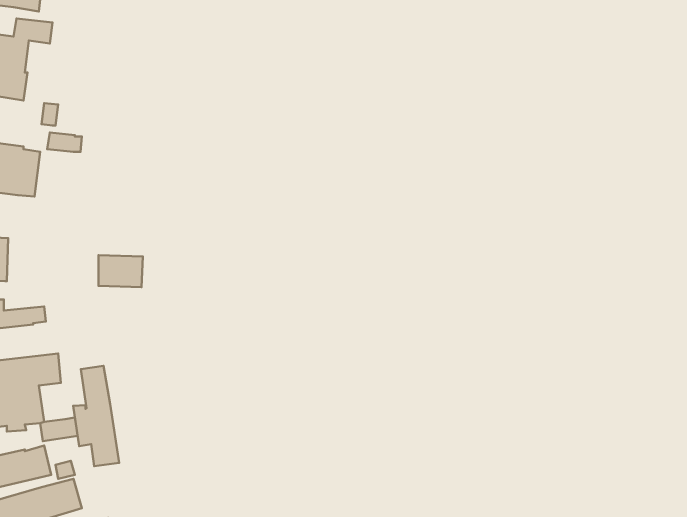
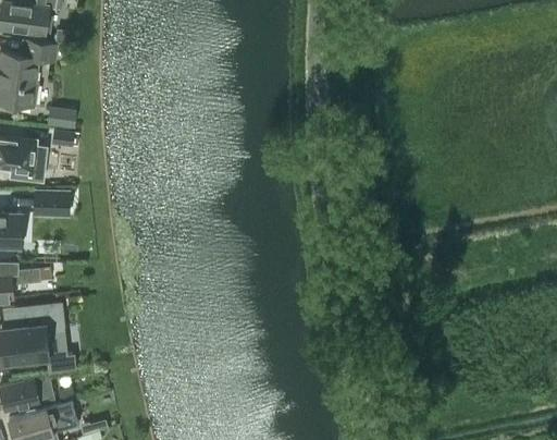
building: [98,255,143,287] -> [34,192,69,217]
building: [73,366,119,466] -> none

